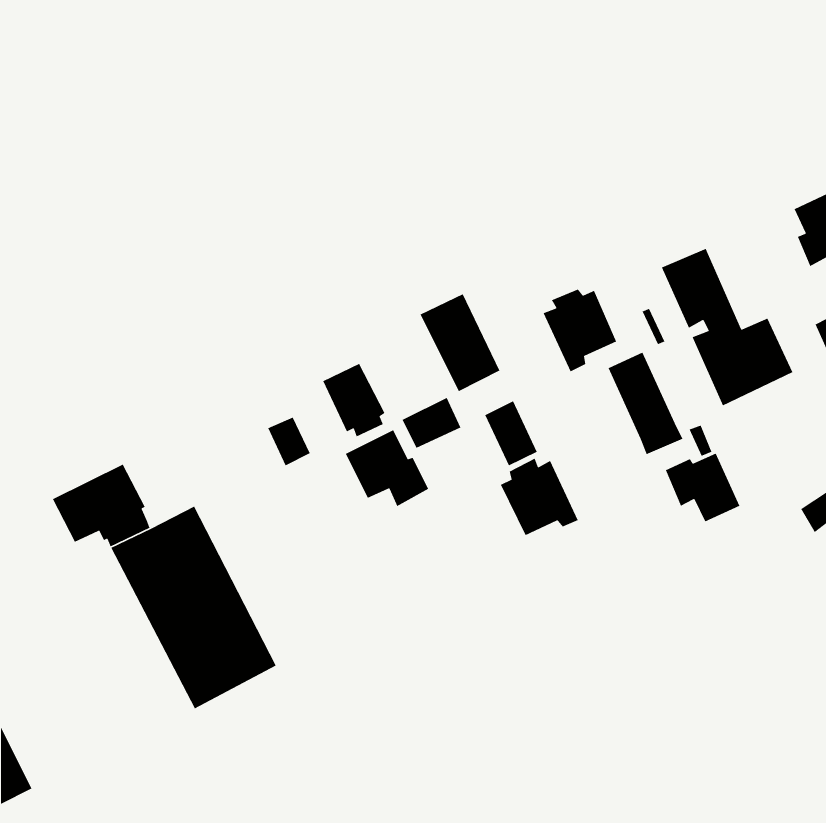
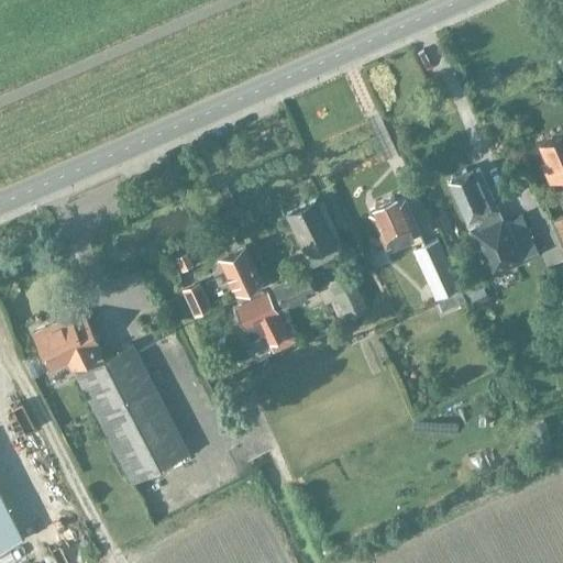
building: [665,453,740,522] -> none
building: [500,457,579,536] -> none

